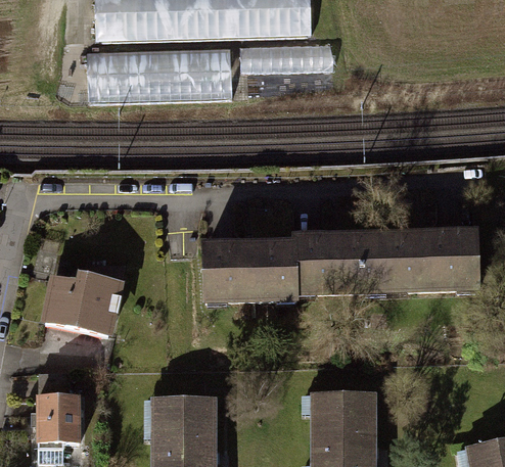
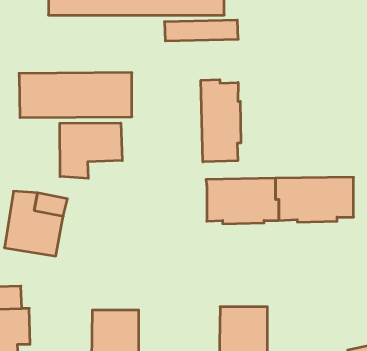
building: [93,48,232,103] -> [19,73,132,118]
building: none -> [201,80,241,162]
building: none -> [60,123,122,178]
building: [202,248,294,305] -> none

